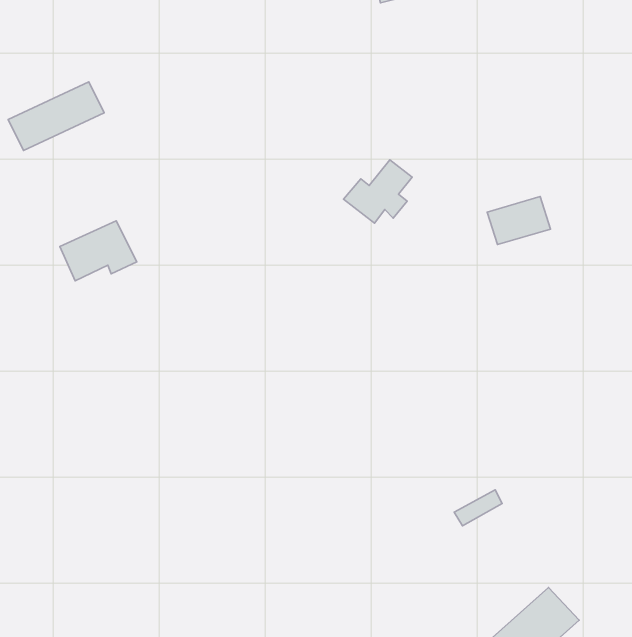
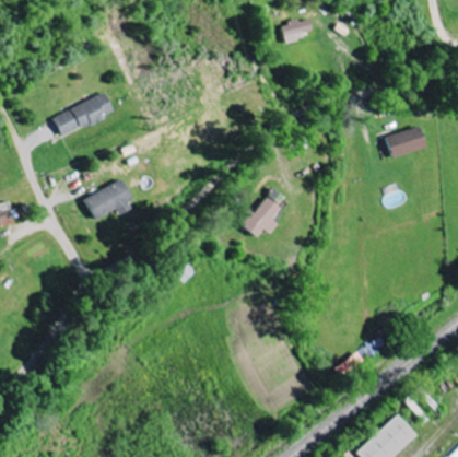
building: [344,160,412,223] -> [238,197,282,237]
building: [487,197,551,245] -> [388,127,428,157]

